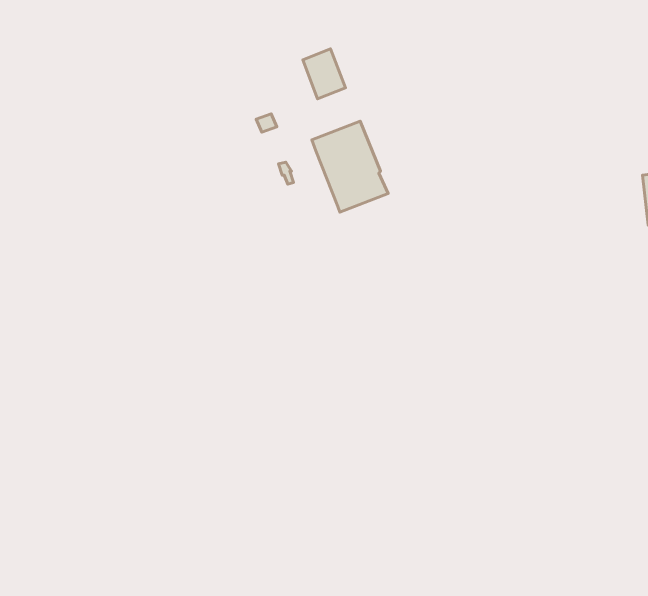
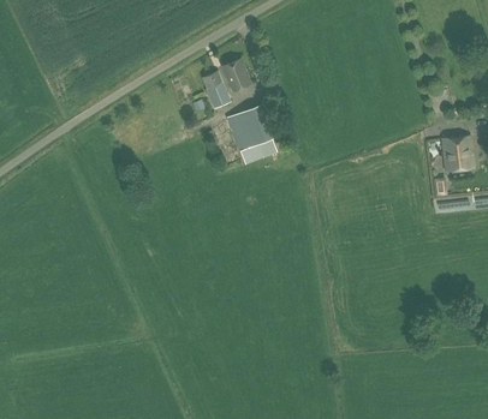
building: none -> [204,72,231,108]

